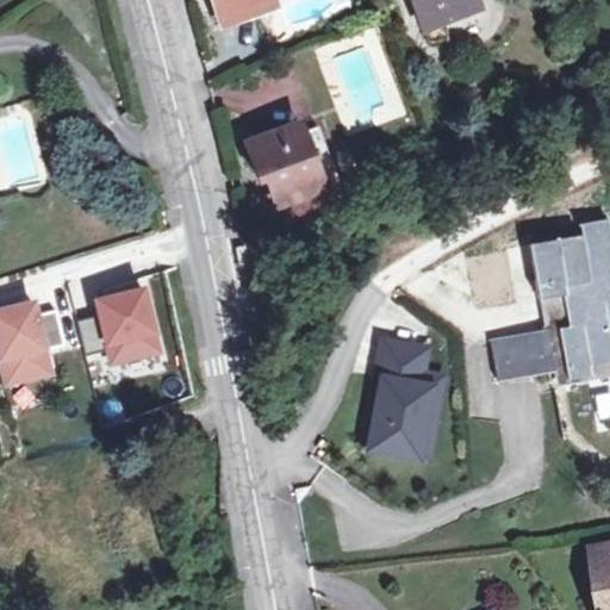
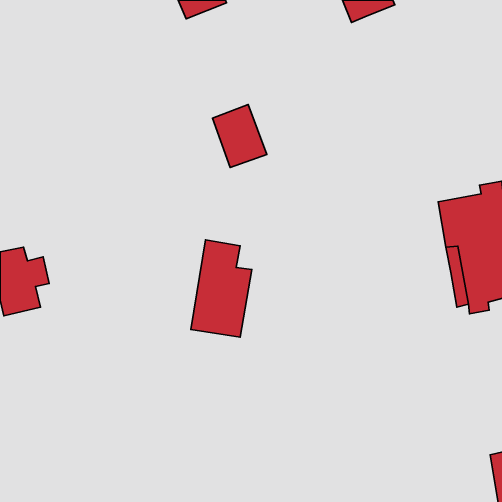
building: [95,285,156,361] -> none
building: [492,331,554,382] -> none
building: [365,342,438,460] -> [191,240,252,337]

